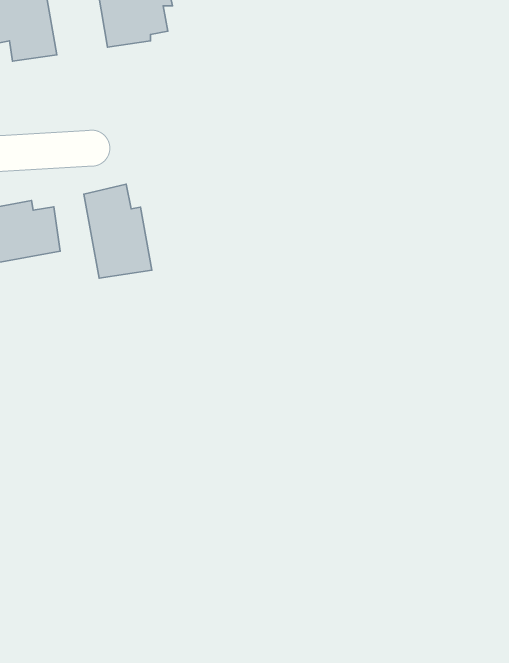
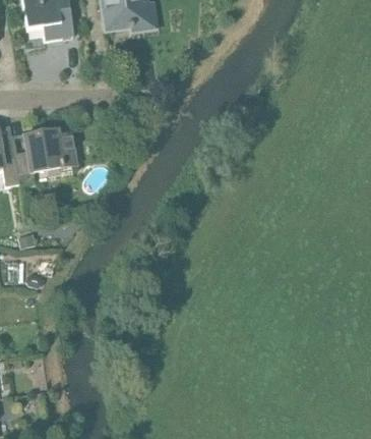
building: [84,184,152,278] -> none

